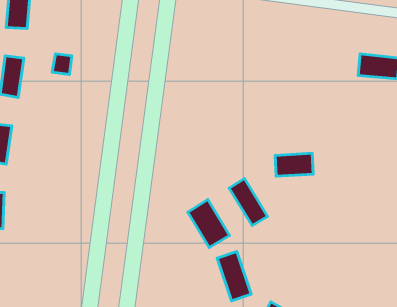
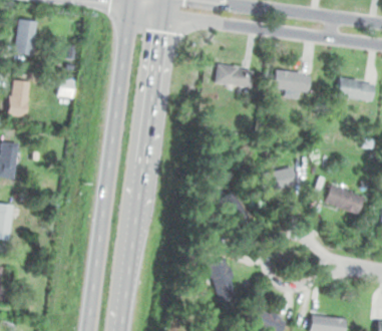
building: none -> [216,65,252,87]
building: none -> [273,70,312,93]
building: none -> [325,185,365,215]
building: [188,199,230,247] -> none

